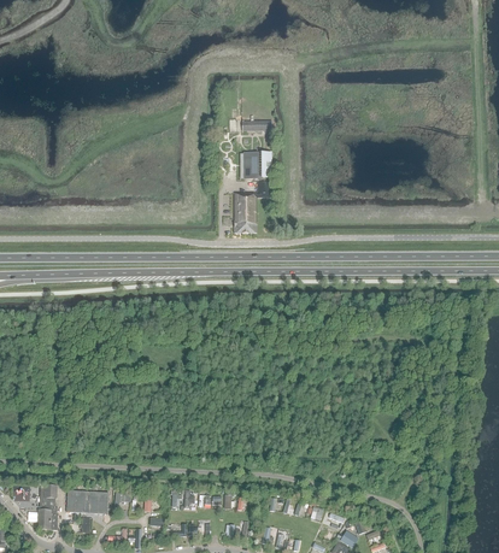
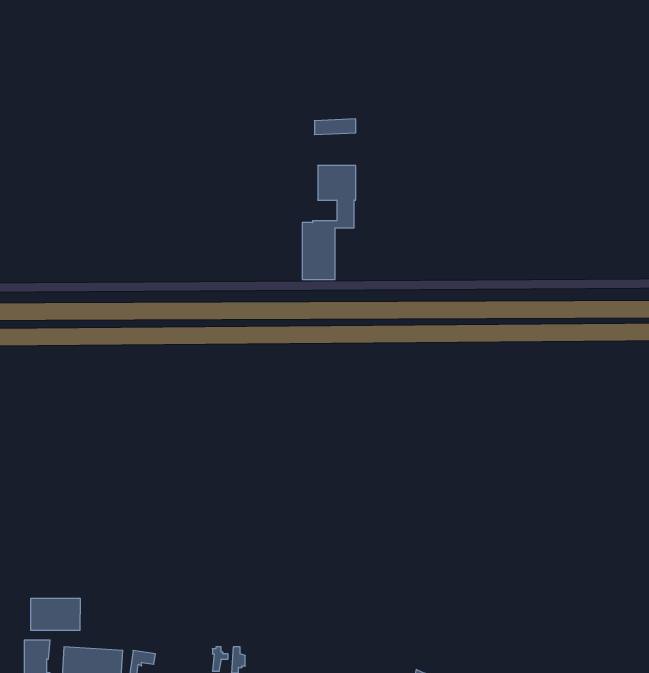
building: none -> [31,598,80,630]

